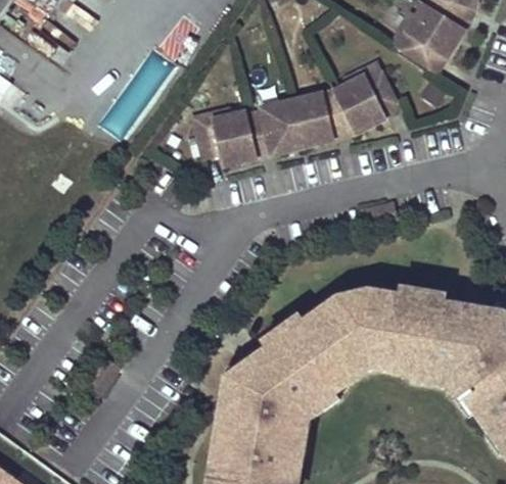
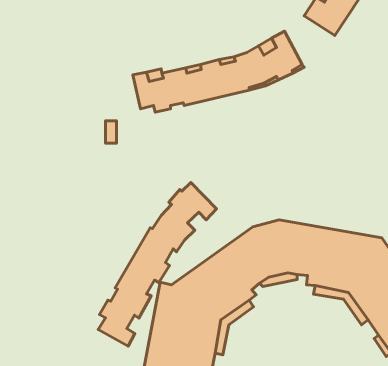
building: none -> [98,183,217,346]

